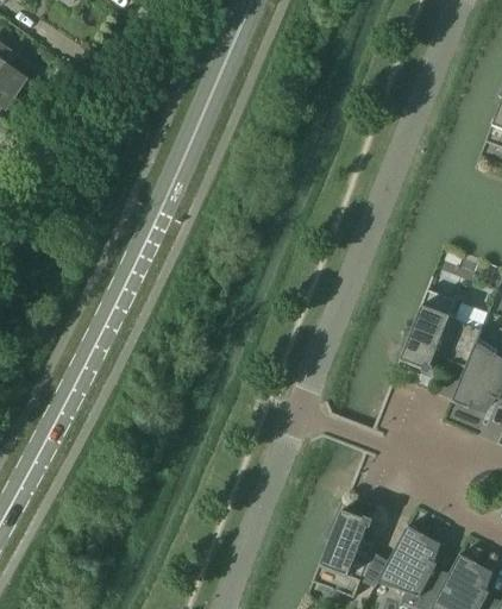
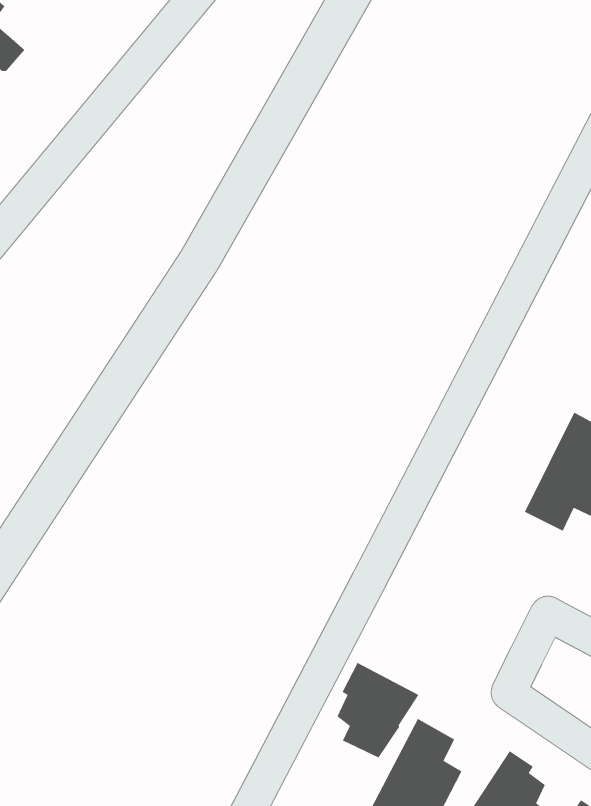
building: none -> [337,662,426,758]

